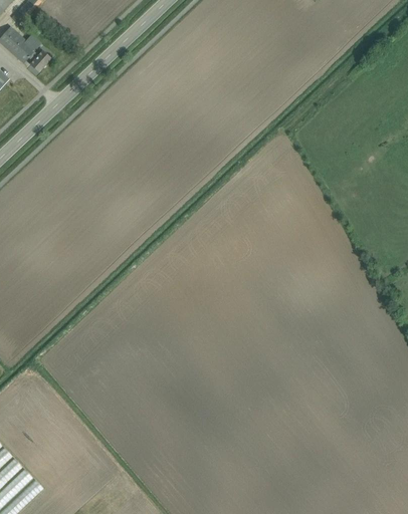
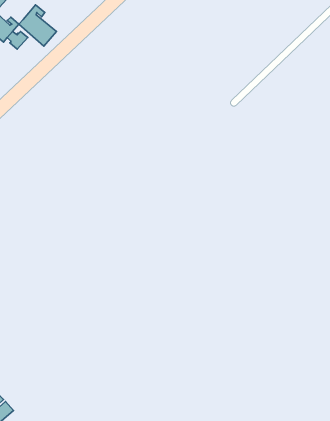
building: none -> [19,5,57,46]

